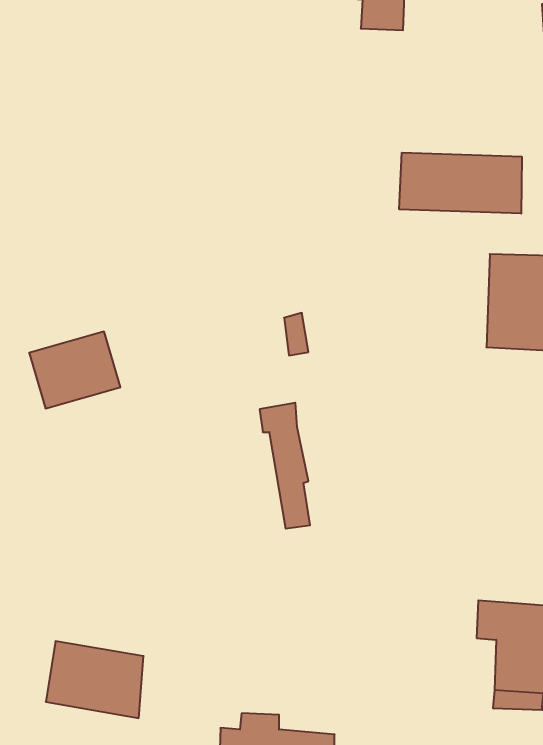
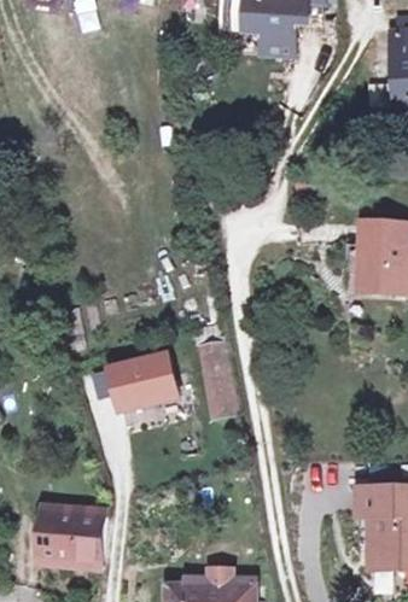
building: [399,153,522,214] -> none
building: [29,332,120,408] -> [100,350,168,407]

